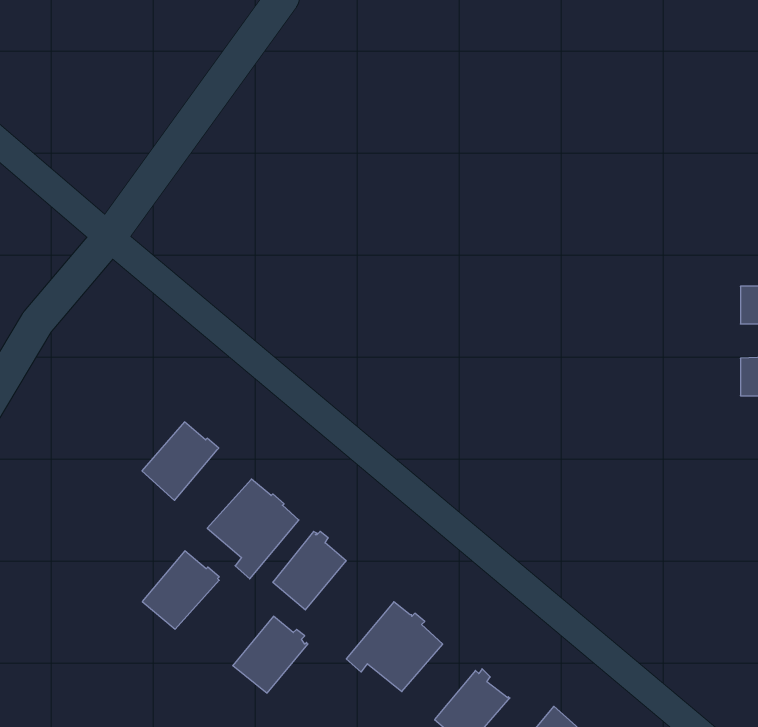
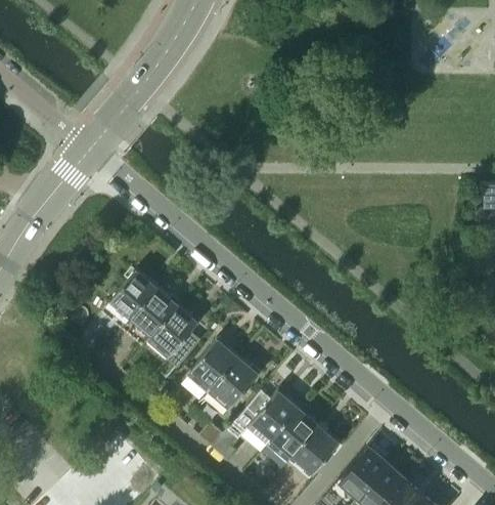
building: [142,551,219,629] -> [129,290,177,339]
building: [233,616,308,693] -> [211,360,258,408]
building: none -> [271,410,317,459]

